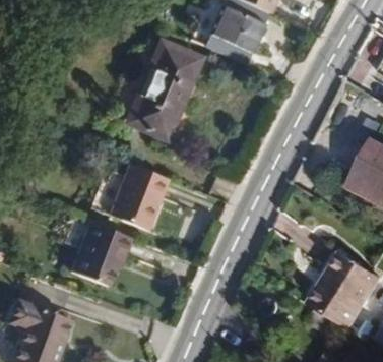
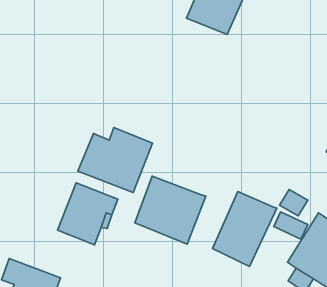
building: [127,42,199,138] -> none
building: none -> [135,176,206,244]
building: none -> [212,192,277,267]

